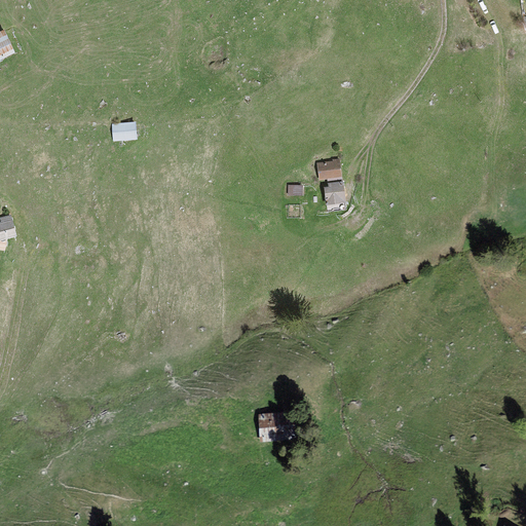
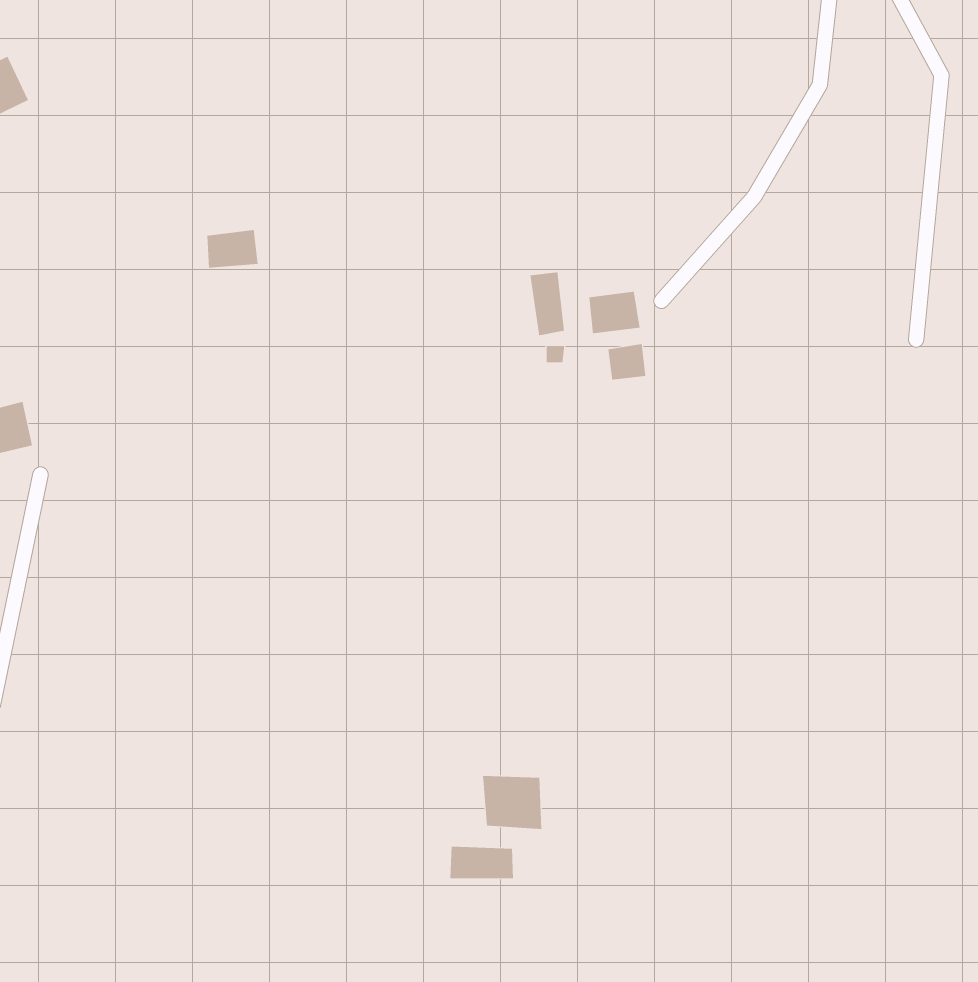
building: none -> [530,272,565,336]
building: none -> [450,846,514,879]

